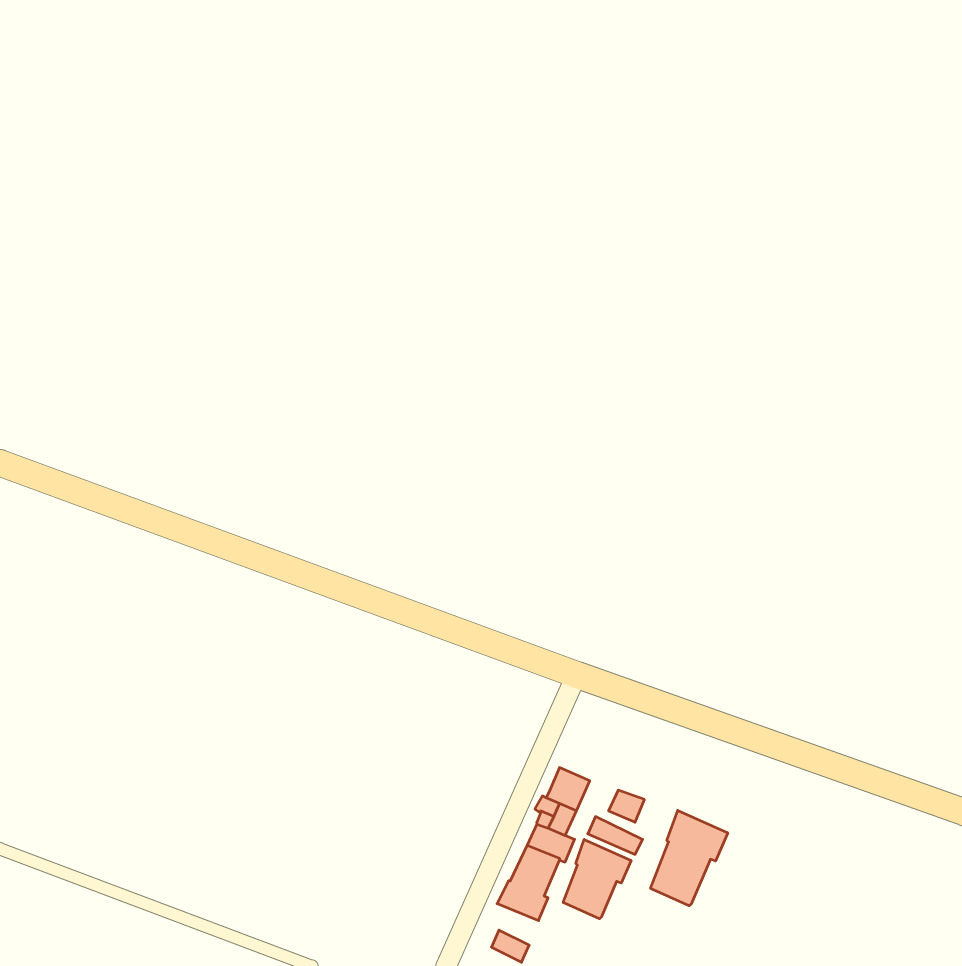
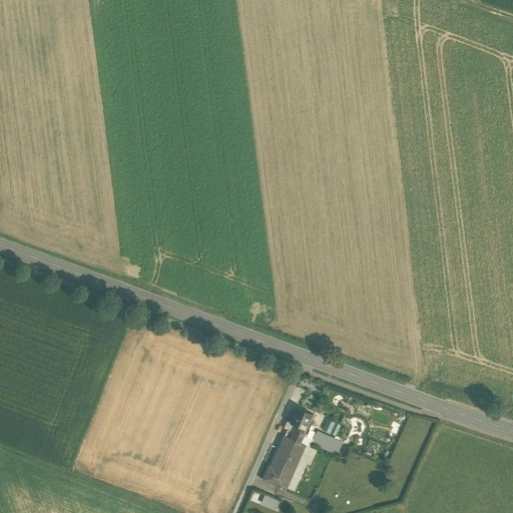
building: [651,810,728,906] -> none
building: [563,839,631,919] -> none

